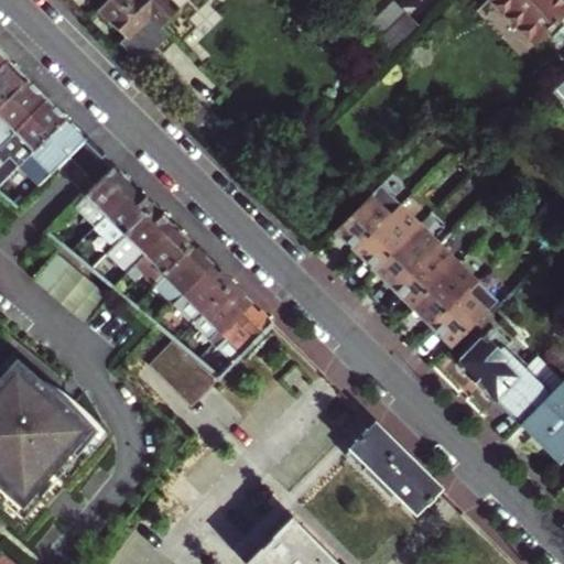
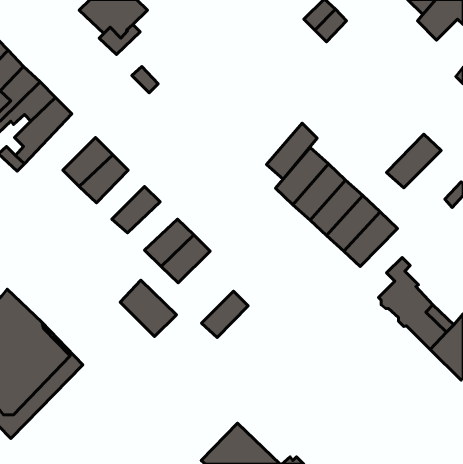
building: none -> [266,123,317,179]
building: [98,206,175,282] -> none
building: [154,245,215,303] -> none
building: [436,276,502,341] -> [387,134,441,188]
building: [216,304,272,360] -> [202,291,248,338]
building: [343,424,437,518] -> none

